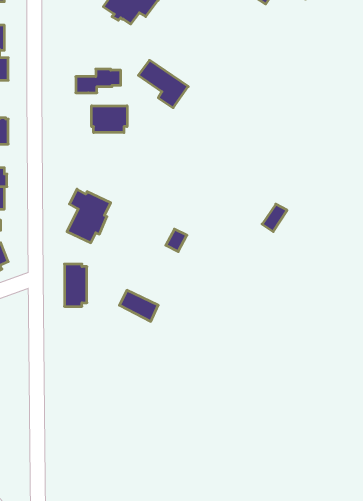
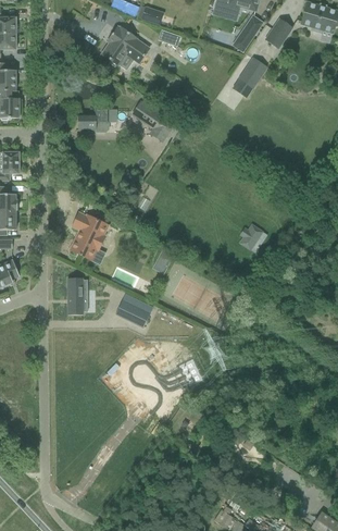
building: none -> [233,58,263,96]
building: [92,106,127,133] -> none

